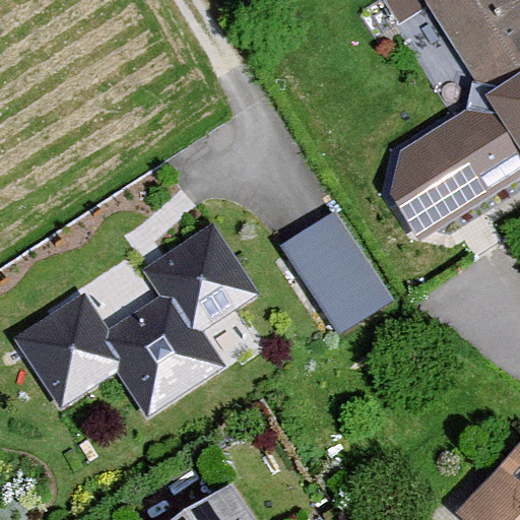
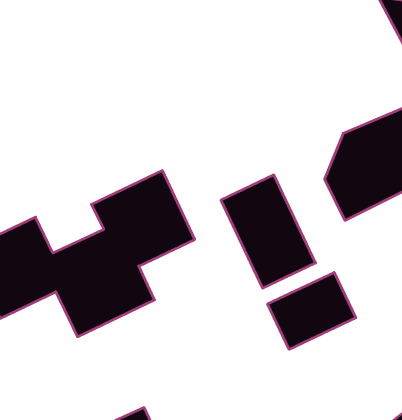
building: none -> [268,272,356,349]

